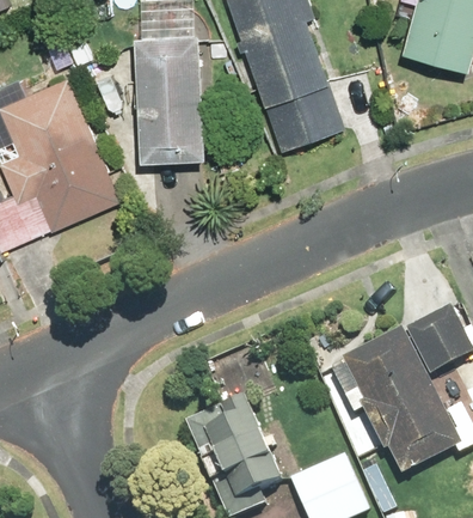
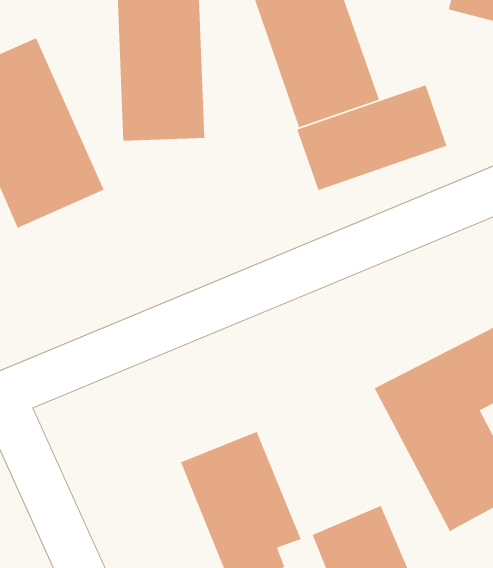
building: none -> [297,85,447,191]

